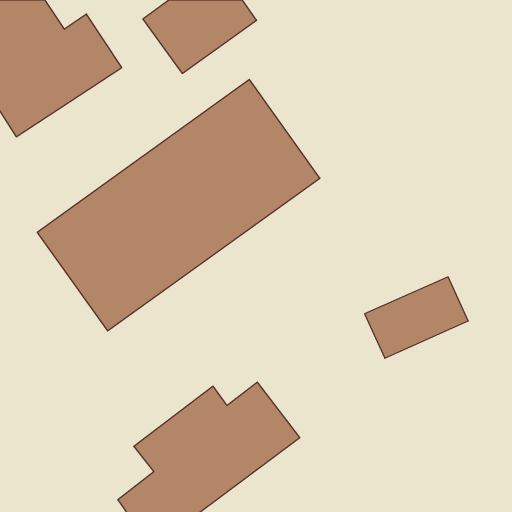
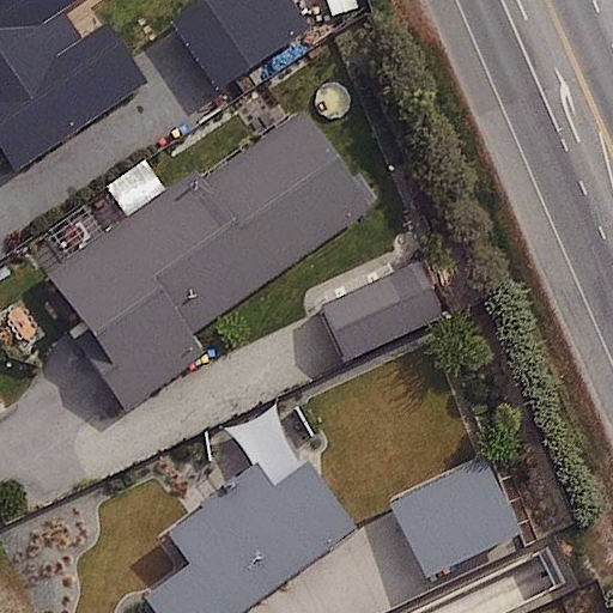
building: [365,277,468,358] -> [320,265,443,362]
building: none -> [389,465,516,578]

